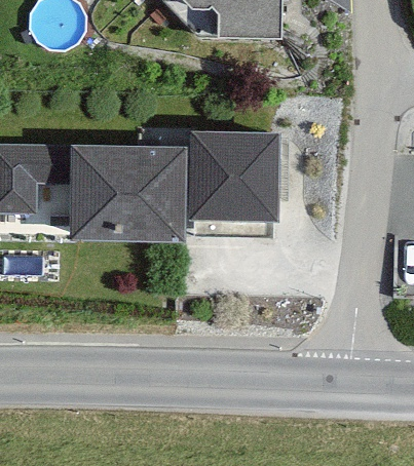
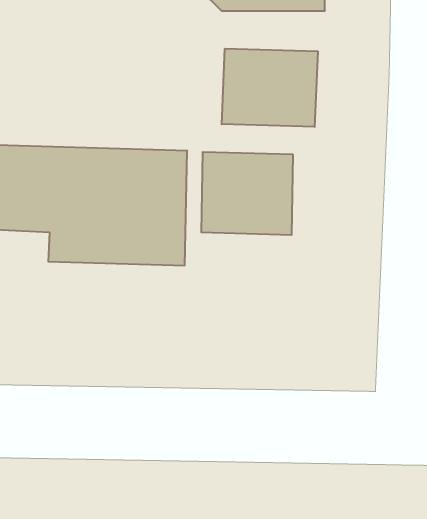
building: none -> [222,49,318,127]

